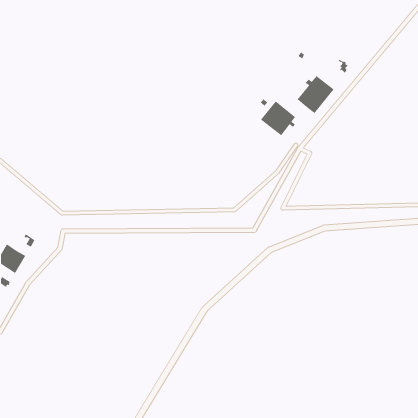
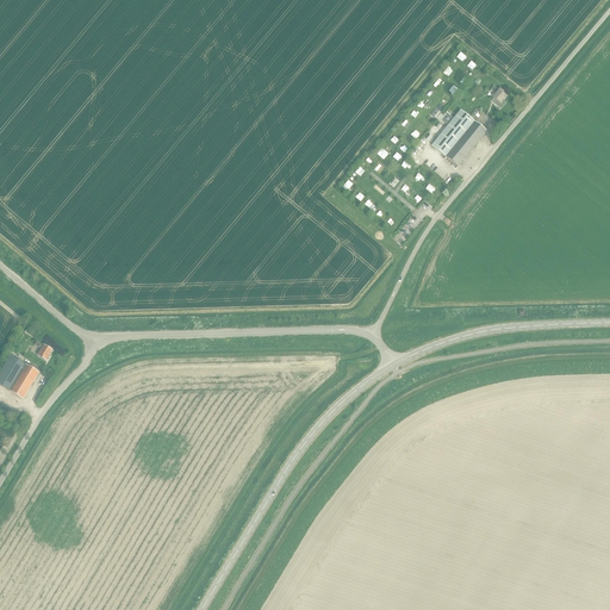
building: [260,100,296,136] -> none

